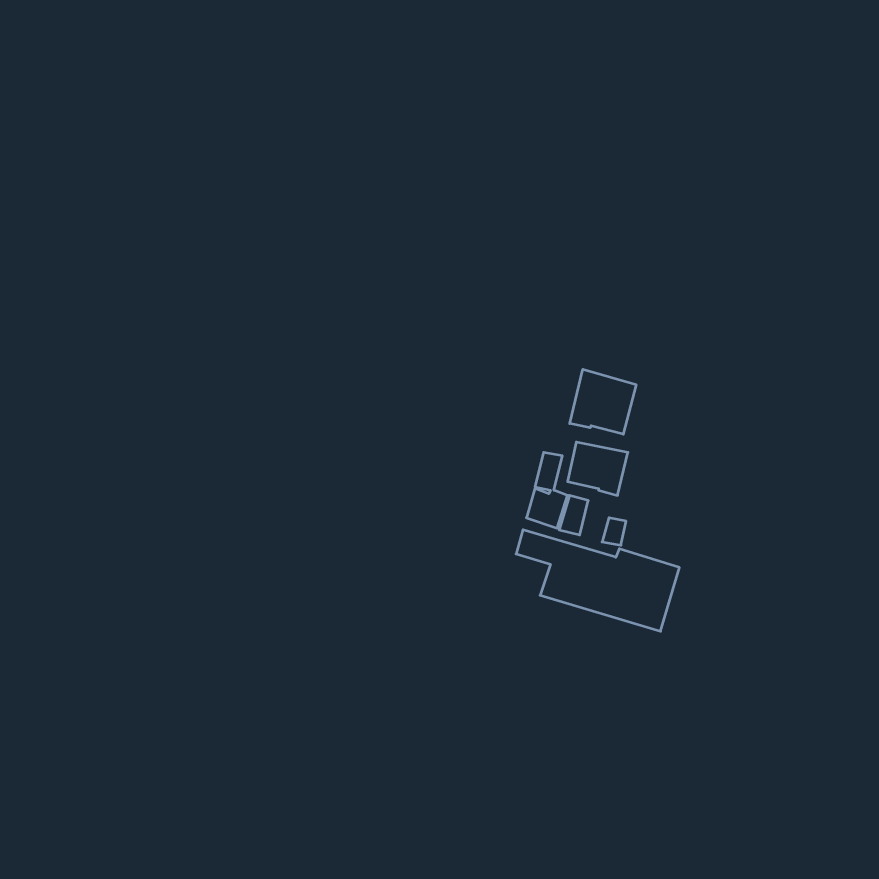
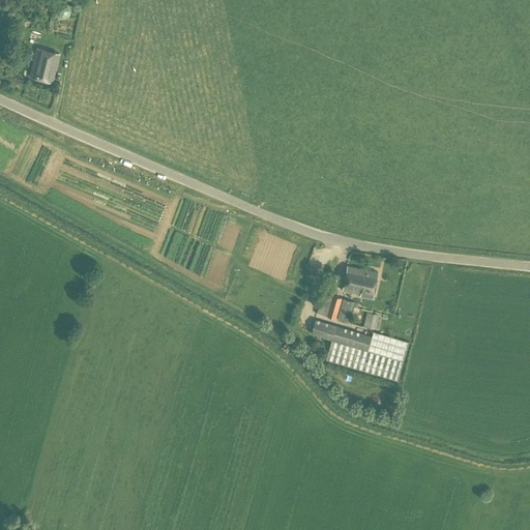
building: none -> [29,48,59,82]
building: [570,369,636,434] -> none

